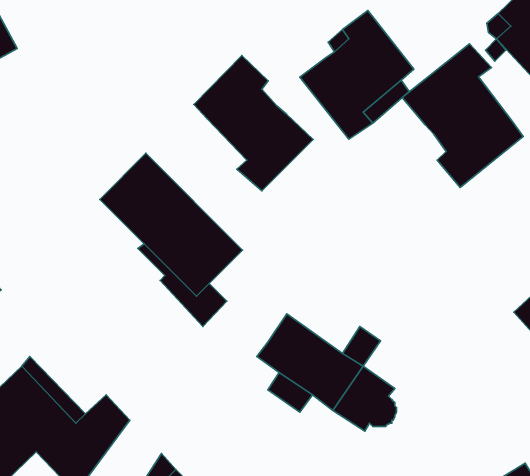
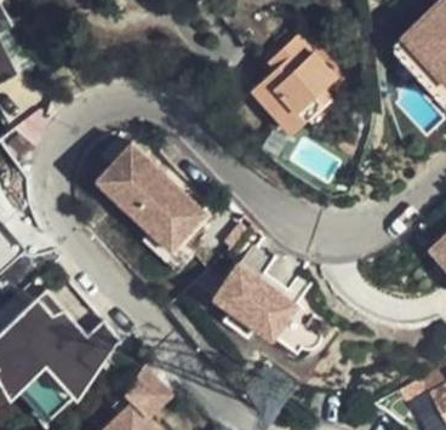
building: [402,44,523,187] -> none
building: [194,56,313,191] -> none

